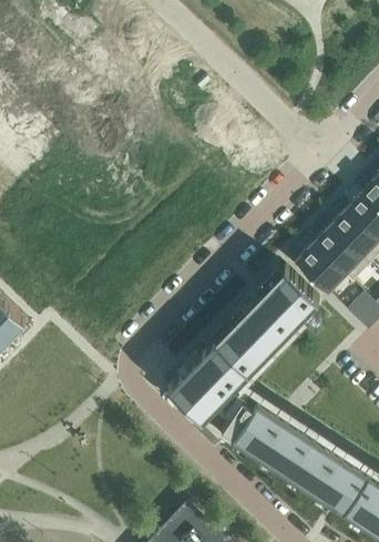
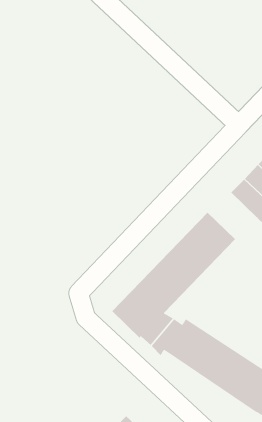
building: [293,245,341,295] -> none

